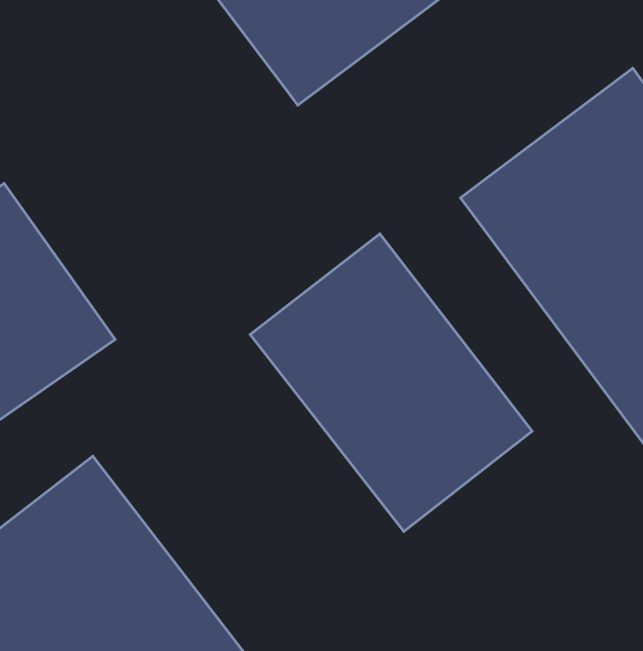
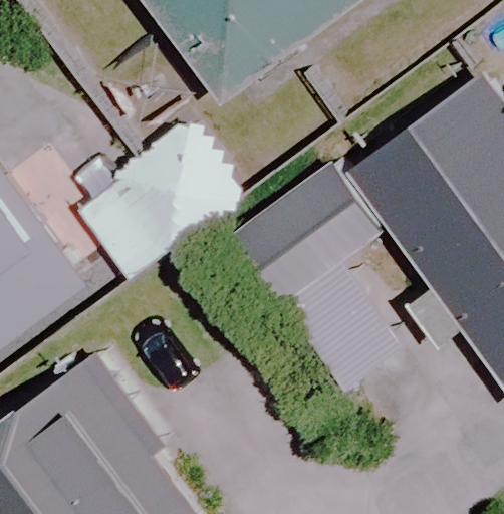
building: none -> [72,110,253,280]

